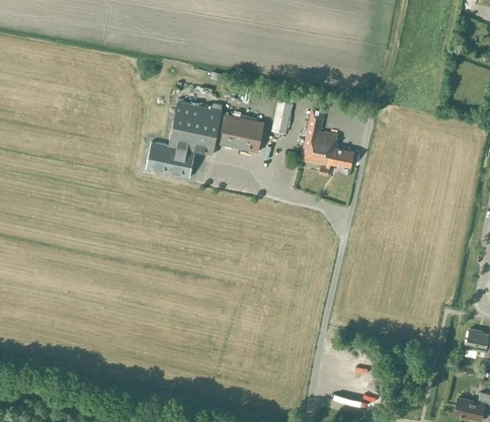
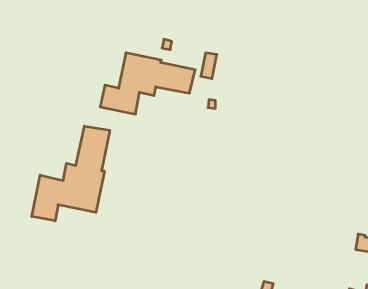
building: [301,108,355,176] -> none
building: none -> [32,126,110,221]

